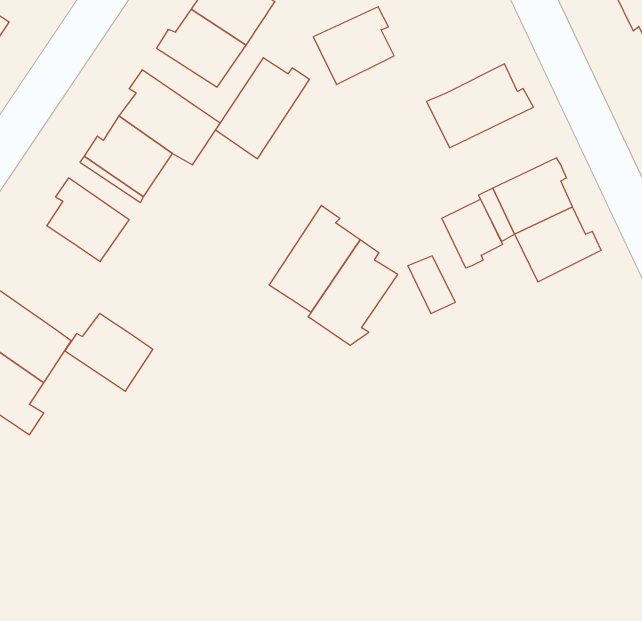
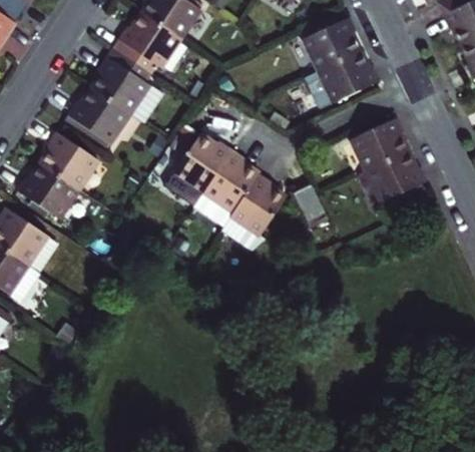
building: [313,7,394,85] -> [304,17,360,71]
building: [216,58,309,159] -> [167,134,232,204]
building: [442,199,502,268] -> none
building: [65,313,153,391] -> [18,163,79,217]

